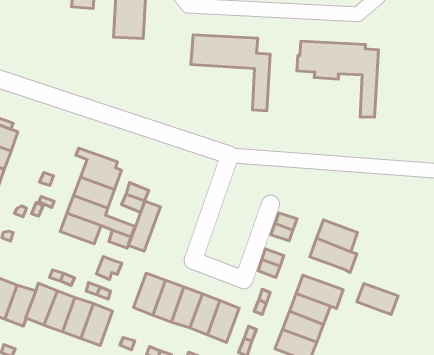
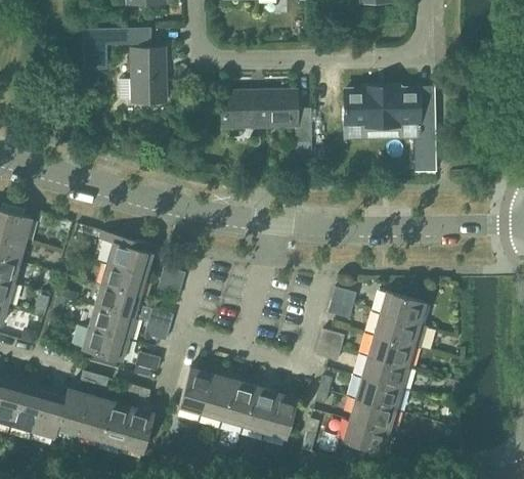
building: [129,201,161,251] -> none
building: none -> [82,328,128,361]
building: [357,283,398,314] -> [367,335,413,367]

